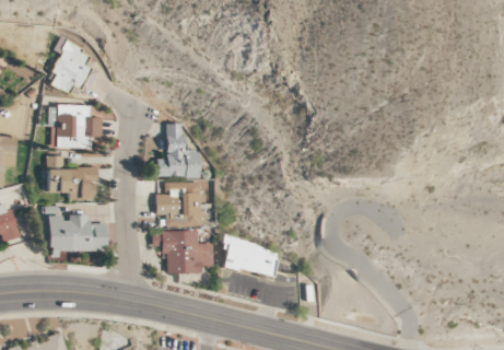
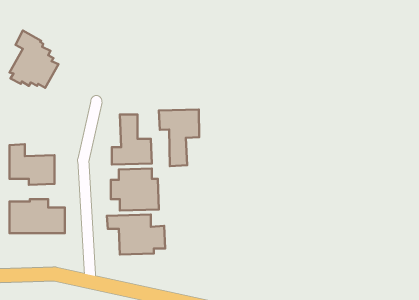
building: [48,105,102,149] -> none
building: none -> [159,109,199,166]
building: [223,237,280,277] -> none

